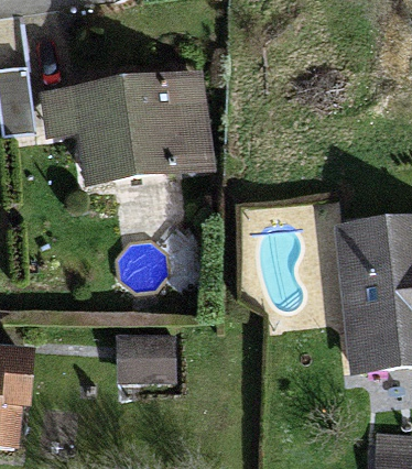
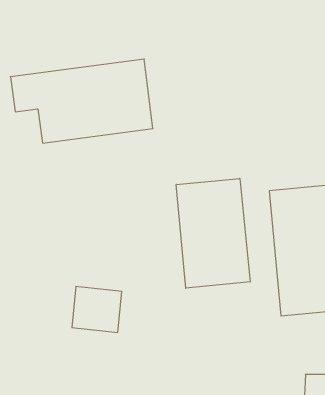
building: none -> [176,178,250,288]

